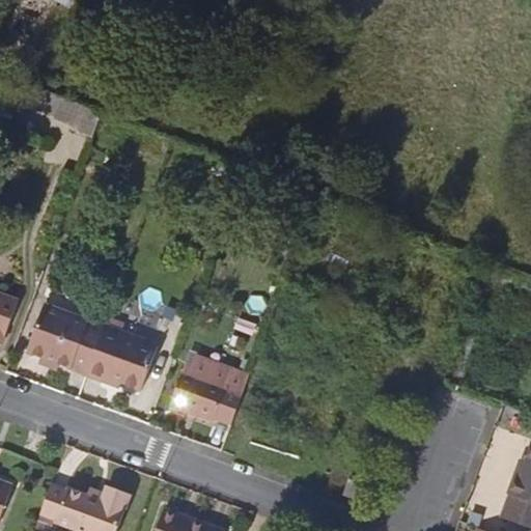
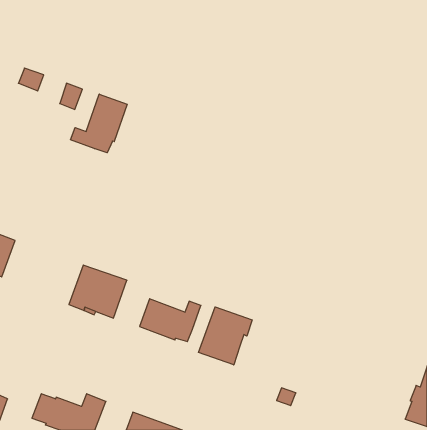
building: none -> [71,94,127,153]
building: [26,306,103,375] -> none
building: none -> [199,307,252,365]

